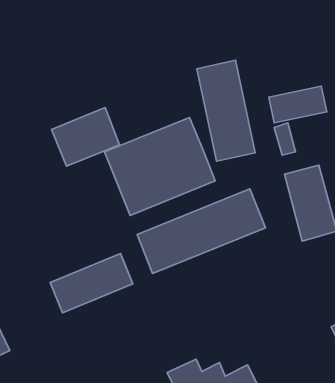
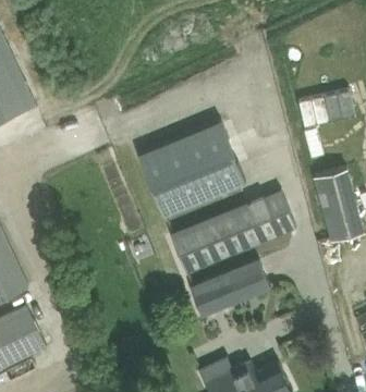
building: [197,60,255,161] -> none
building: [51,108,120,166] -> none
building: [50,254,133,313] -> [190,261,270,319]

